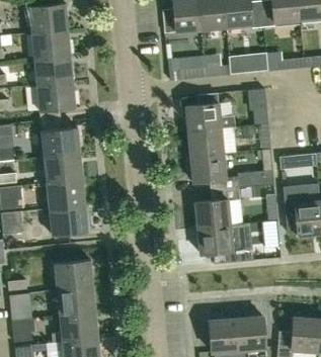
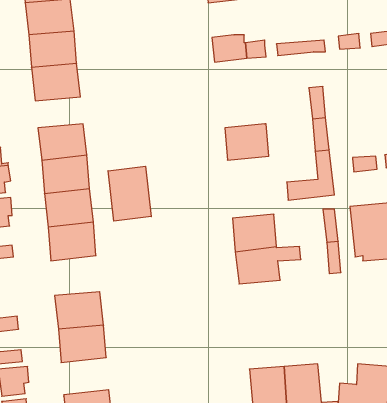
building: [185,93,234,130] -> none
building: [186,153,225,181] -> none
building: none -> [108,166,151,221]
building: [52,310,97,342] -> none

